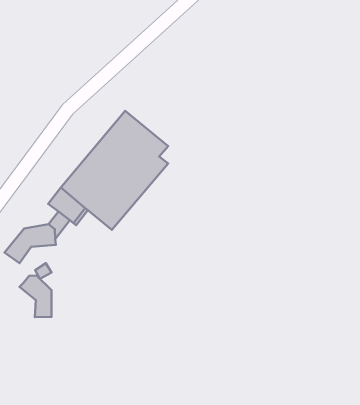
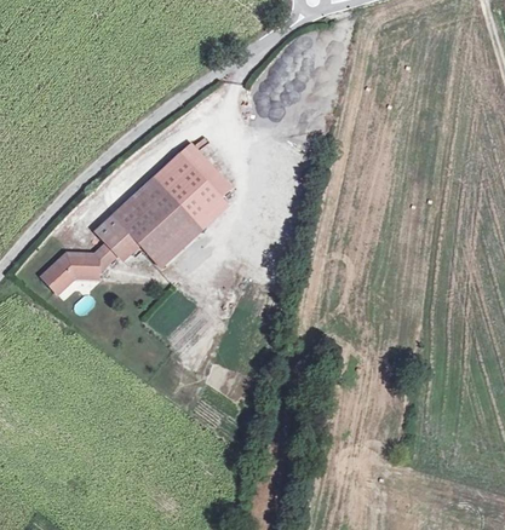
building: [19,275,52,317] -> none

